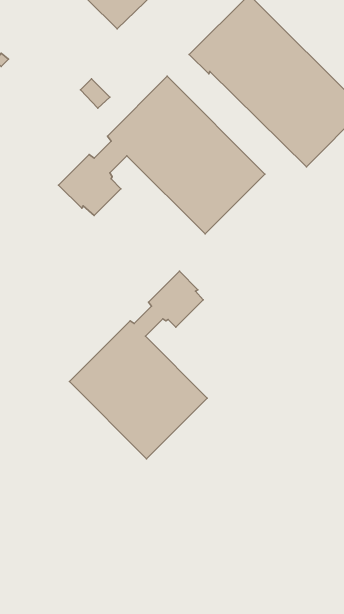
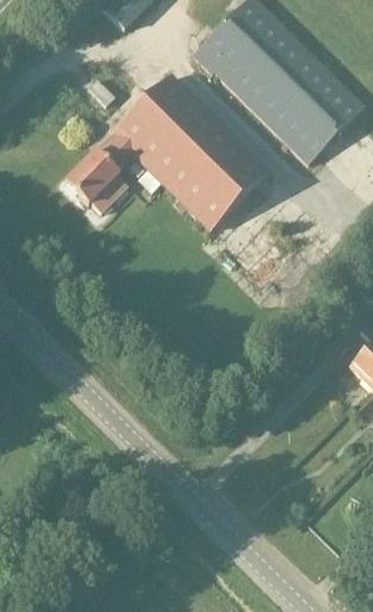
building: [69,271,207,459] -> none

